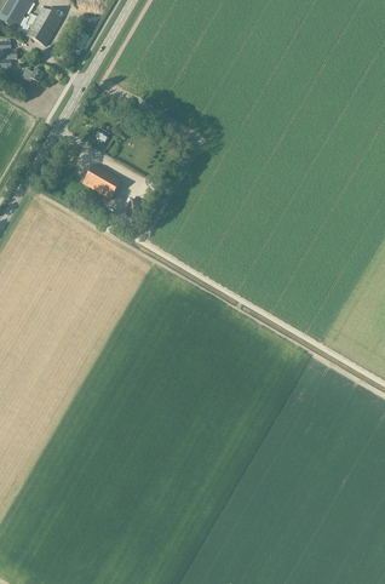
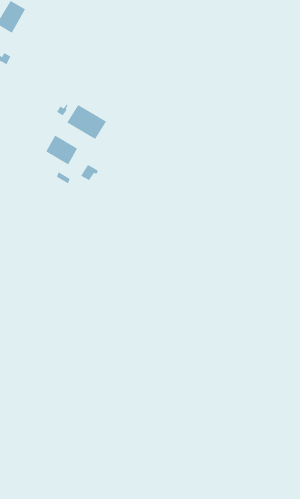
building: none -> [66,104,107,140]

